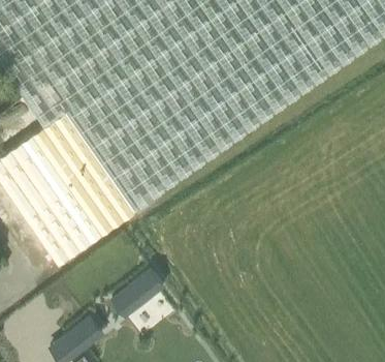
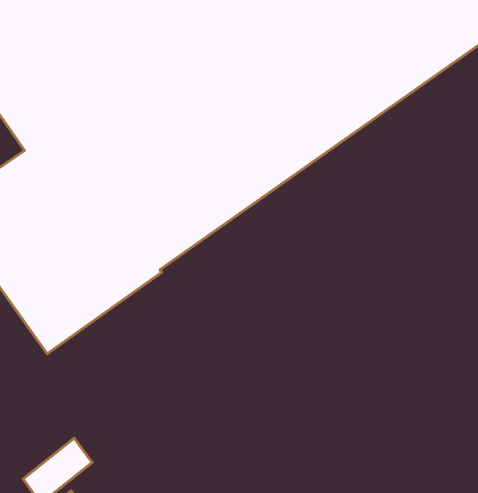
building: [116,276,152,311] -> none

